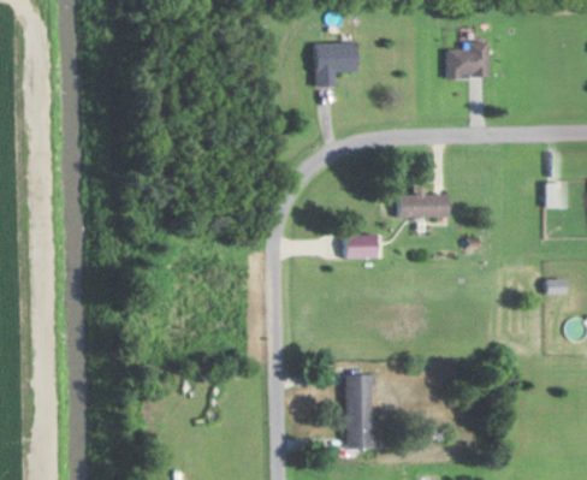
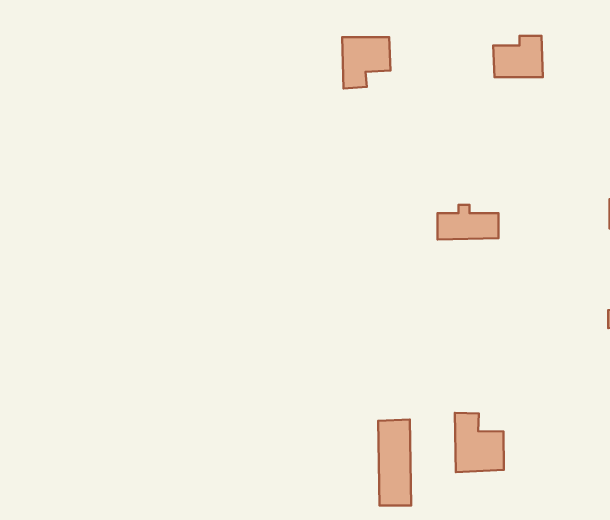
building: [343,233,378,259] -> none
building: none -> [455,413,504,472]

